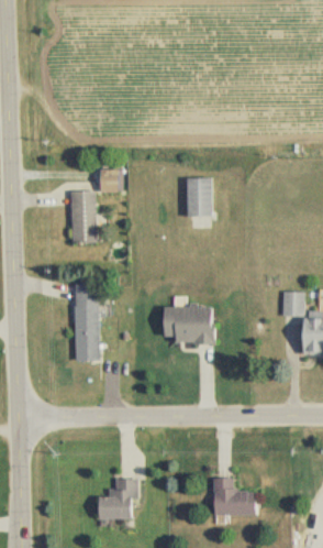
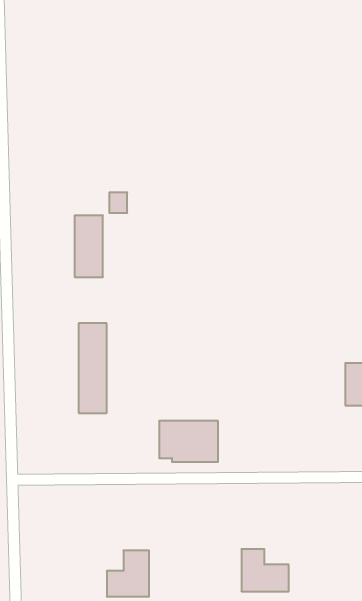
building: [187,178,212,217] -> none
building: [282,293,304,316] -> none
building: [163,307,213,342] -> [159,421,218,462]

